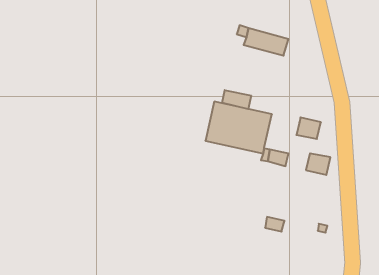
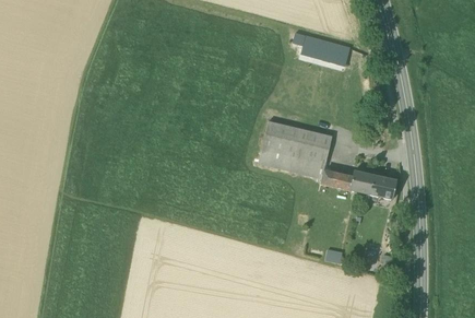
building: [222,90,251,109] -> none
building: [296,117,321,139] -> [347,170,375,195]

